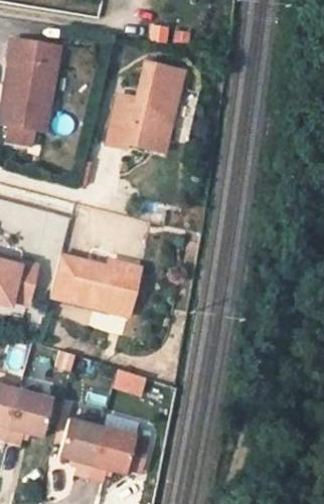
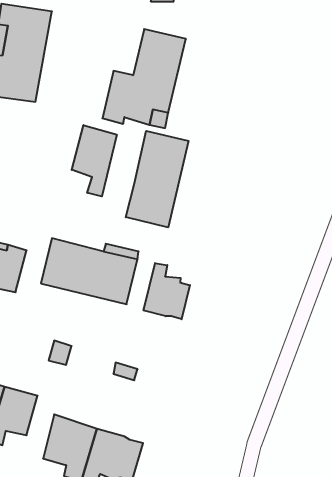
building: none -> [72,125,117,196]
building: none -> [126,131,189,227]
building: none -> [144,263,190,319]

